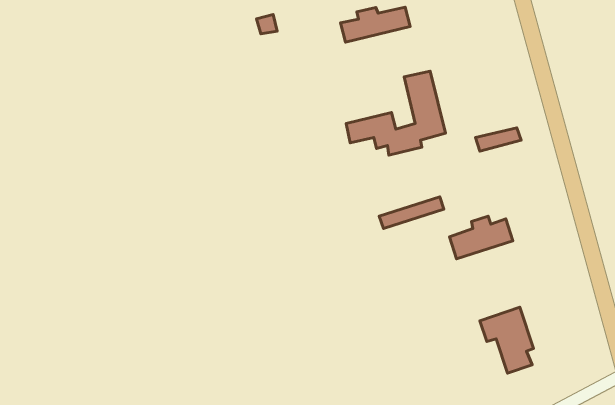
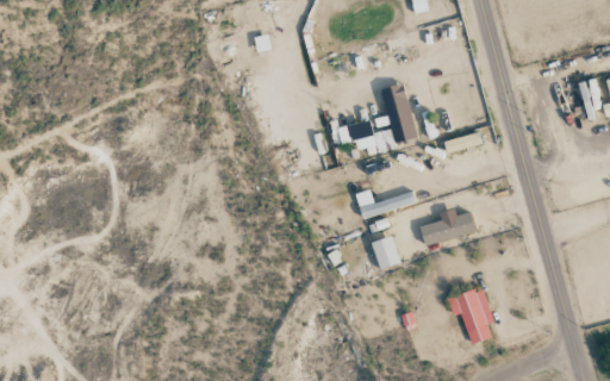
building: [341,7,410,42] -> none
building: none -> [371,235,402,269]

